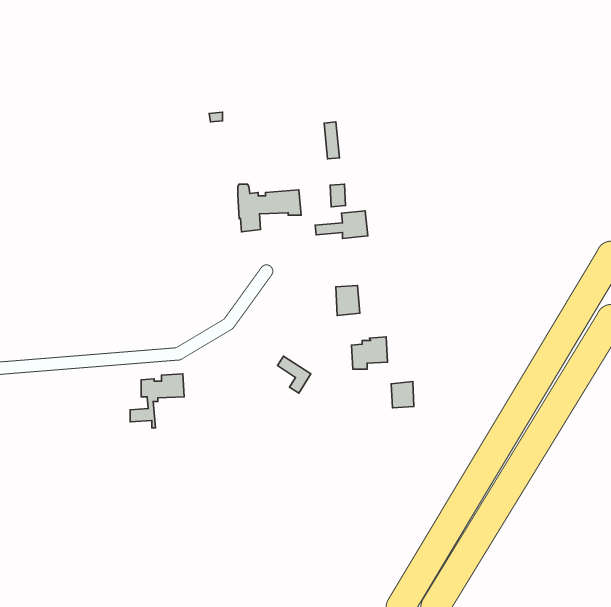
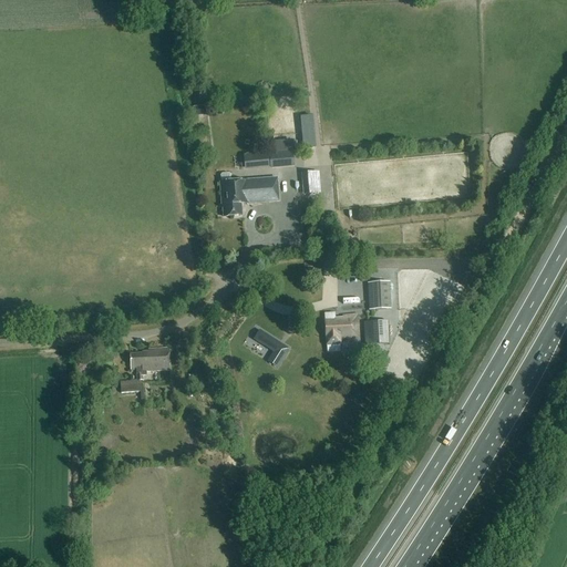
building: [315,211,368,238] -> [245,140,293,165]
building: [336,286,360,316] -> [369,280,391,308]
building: [391,381,414,408] -> [368,318,389,342]

